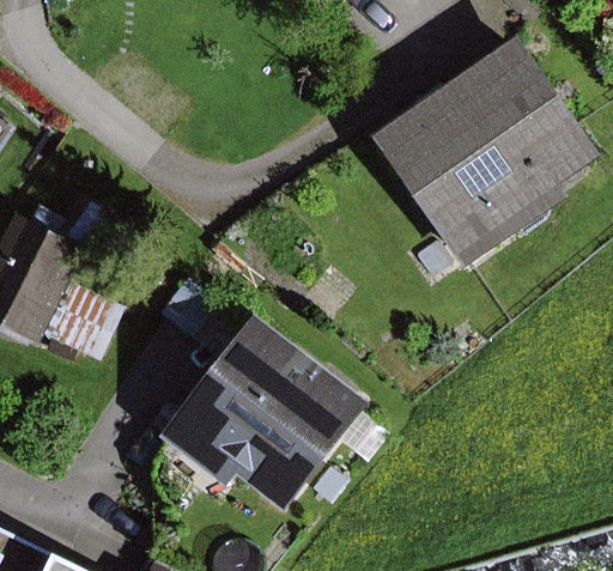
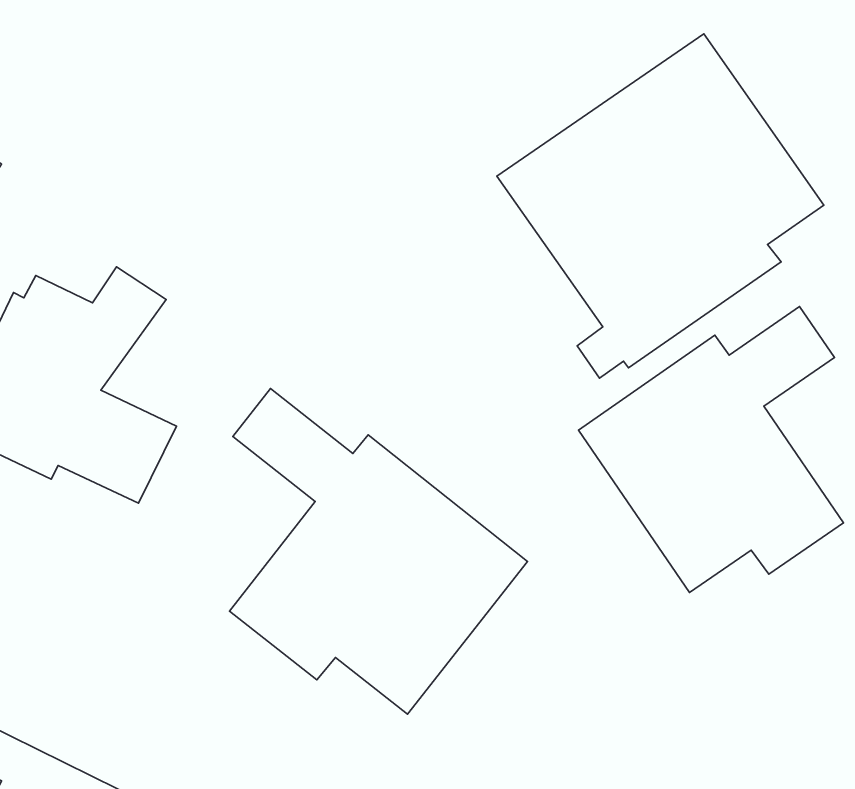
building: none -> [578,307,843,592]

